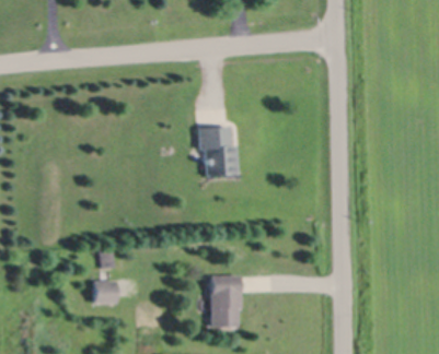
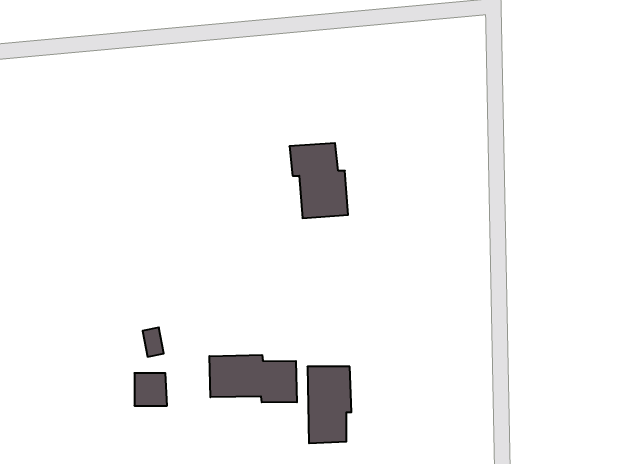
building: none -> [209,355,297,402]

